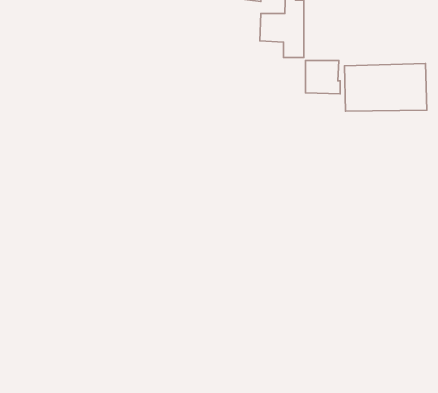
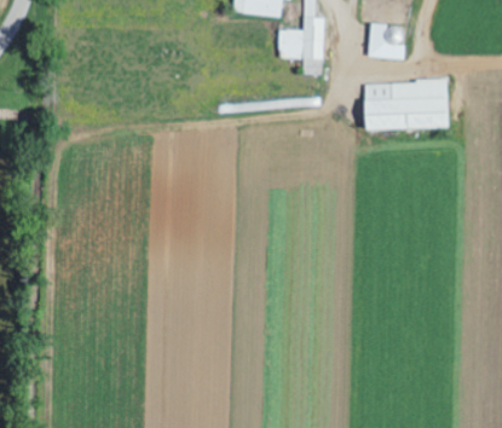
building: [305,61,340,94] -> [369,25,404,59]

